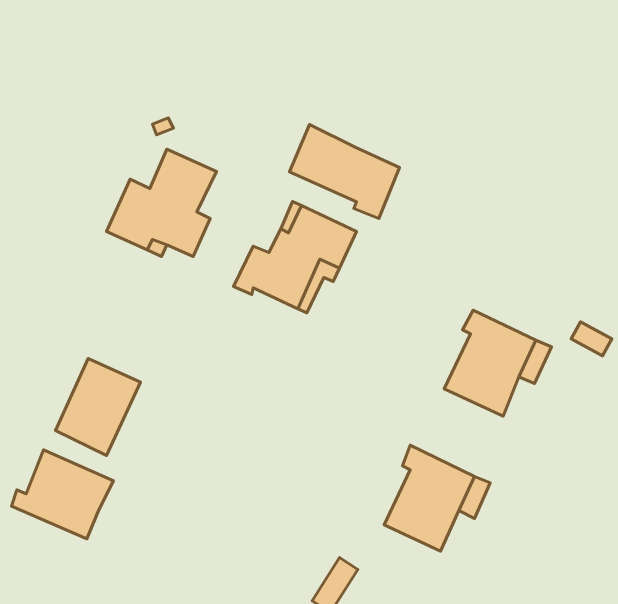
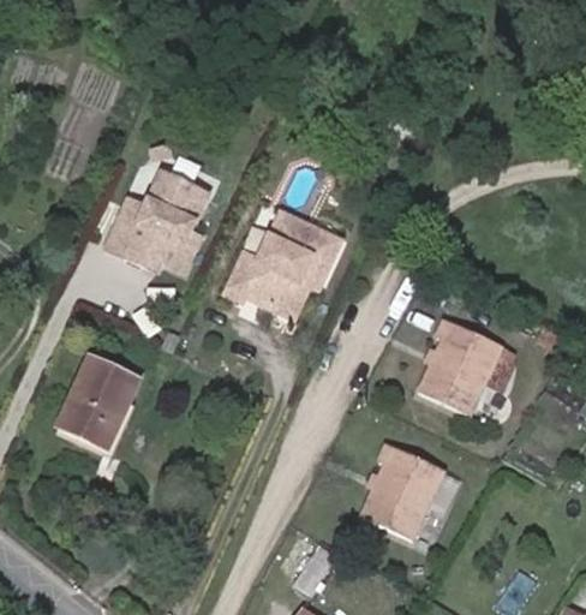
building: [289,125,399,219] -> none
building: [11,450,114,539] -> none

